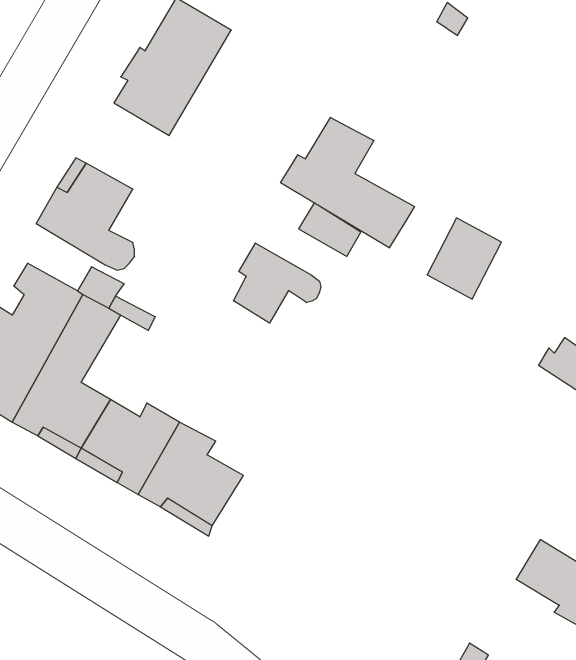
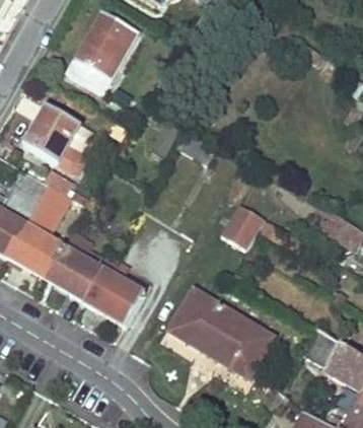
building: [281,117,414,248] -> none
building: [427,218,501,299] -> [222,203,266,251]
building: [233,243,321,323] -> none
building: none -> [171,289,274,375]

